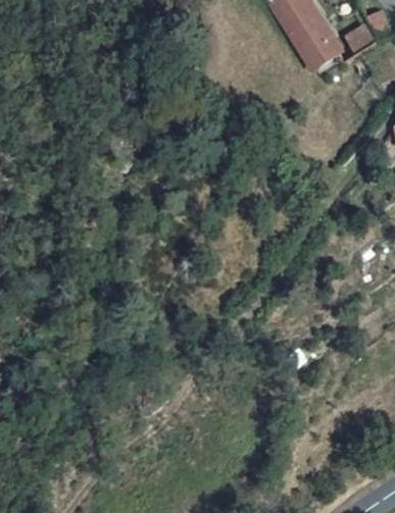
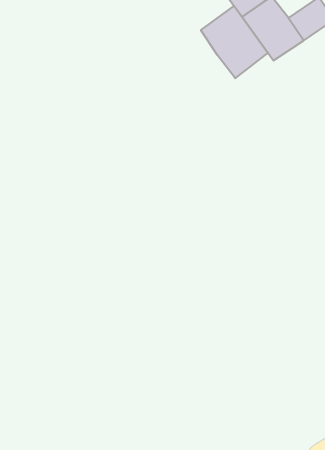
building: none -> [201,6,268,78]

